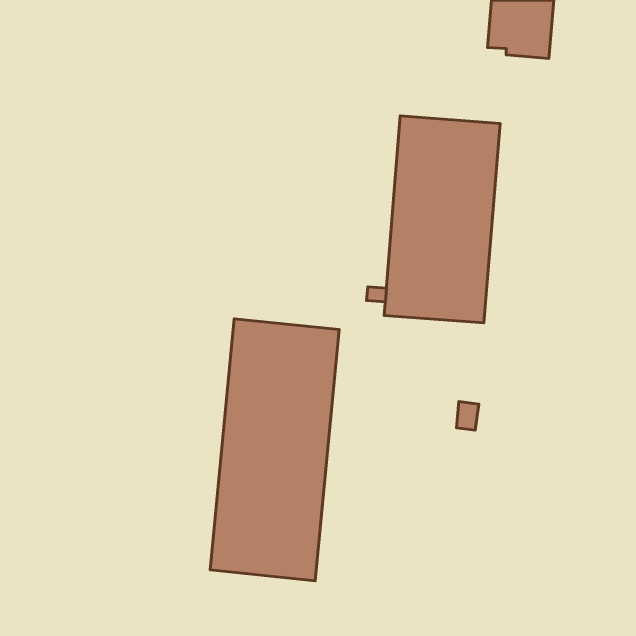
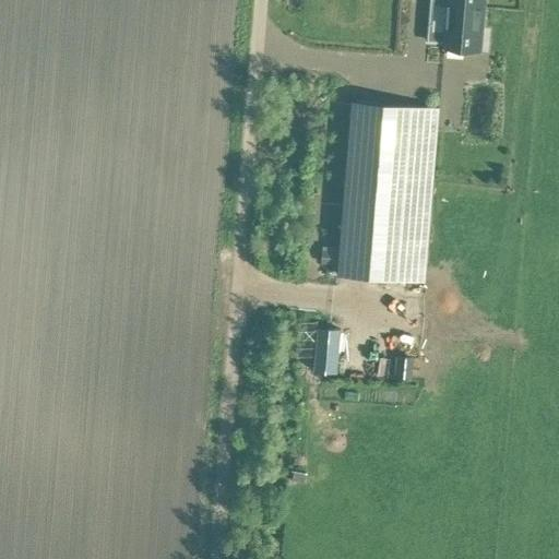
building: [210,319,339,581] -> none
building: none -> [316,329,342,373]

